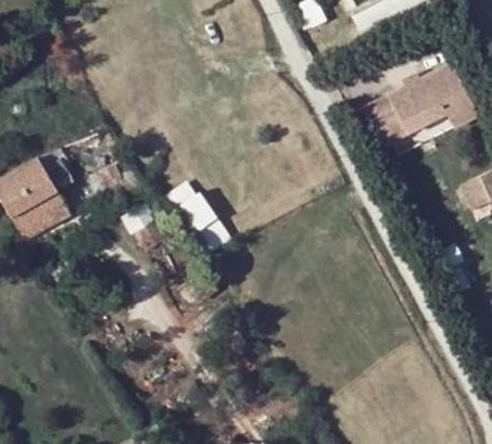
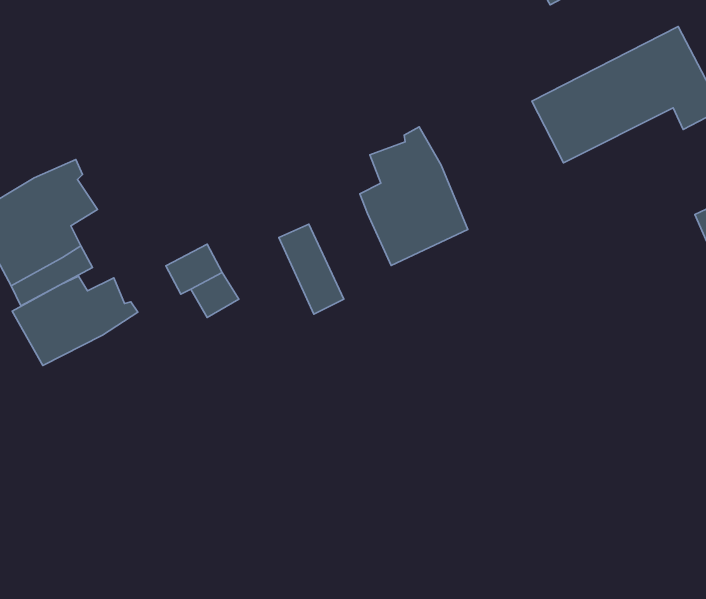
building: none -> [360,127,468,266]
building: none -> [12,276,138,366]

